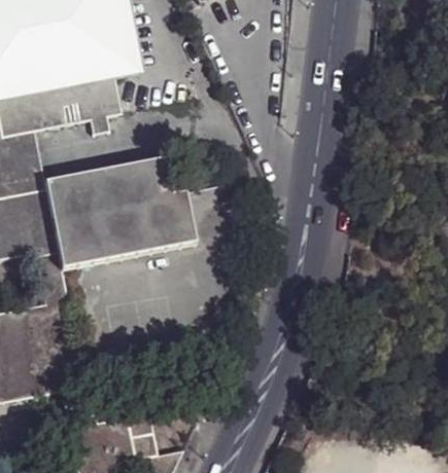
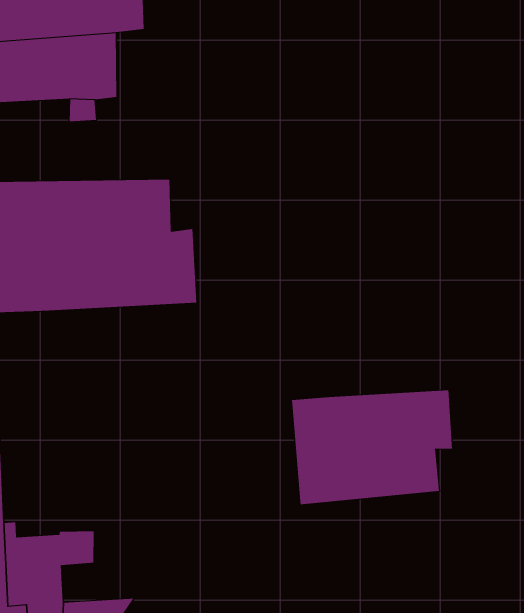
building: none -> [291,389,453,505]

